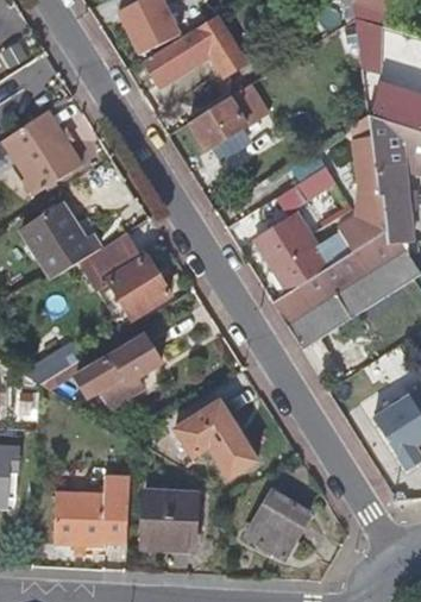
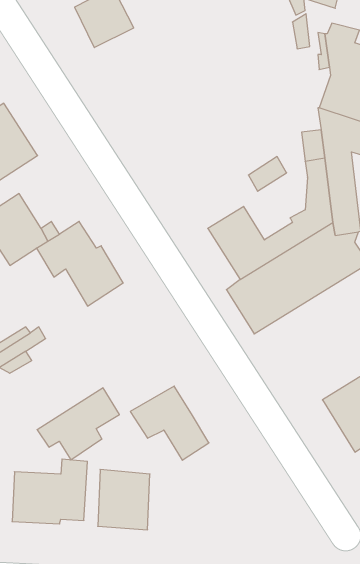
building: [147,19,246,84] -> none
building: [188,83,269,150] -> none
building: [76,334,161,408] -> [37,388,119,460]
building: [246,493,310,557] -> none

